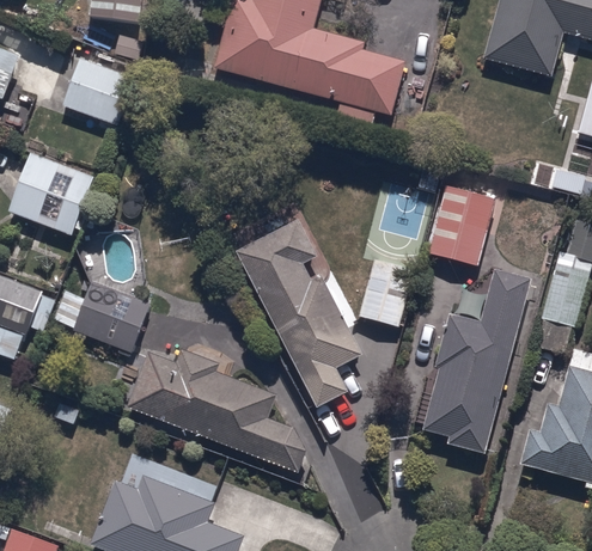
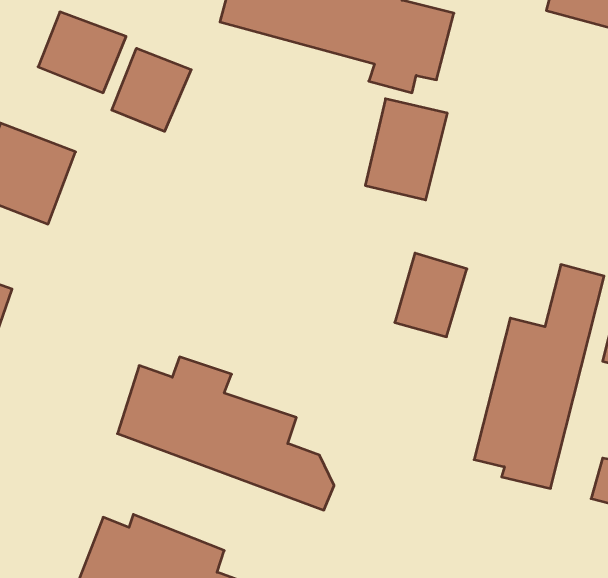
building: none -> [112,48,191,131]
building: [427,180,495,264] -> [365,99,447,200]
building: [242,240,362,406] -> none
building: [54,281,149,344] -> none

